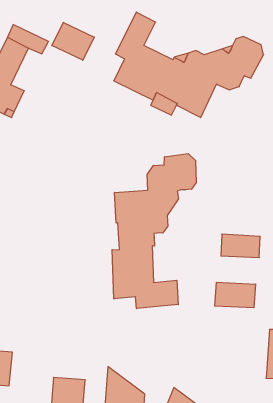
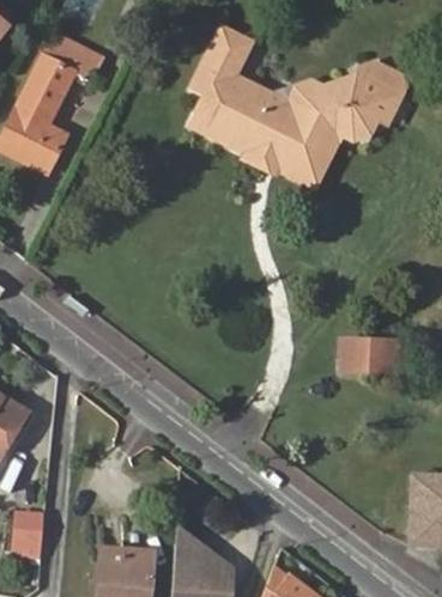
building: [52,22,94,60] -> none
building: [112,154,196,309] -> none
building: [215,282,256,308] -> none

